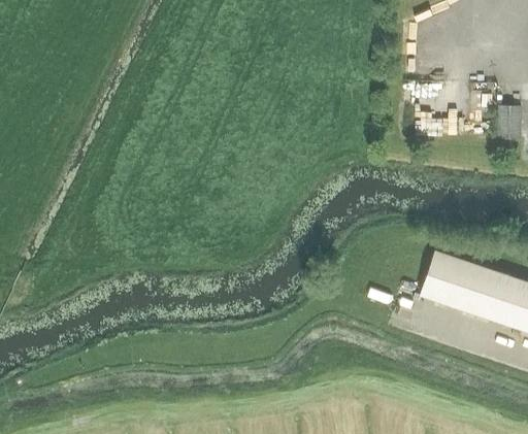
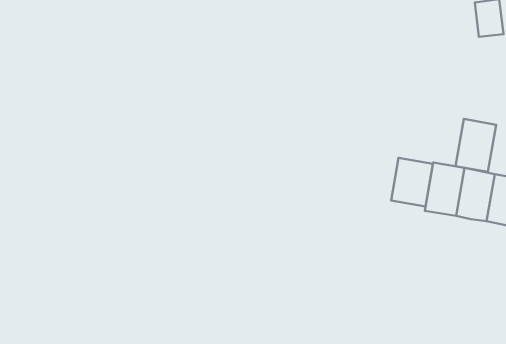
building: none -> [456,119,496,172]
building: none -> [391,158,433,206]

